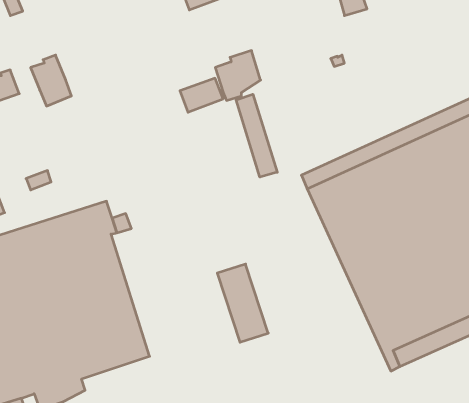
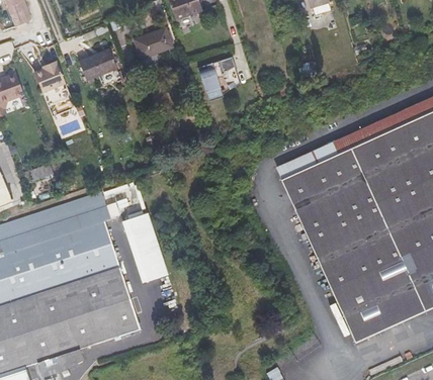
building: none -> [79,50,120,86]
building: [180,78,223,112] -> [135,28,173,59]
building: [236,94,277,177] -> none
building: [217,264,268,342] -> [122,213,168,283]

